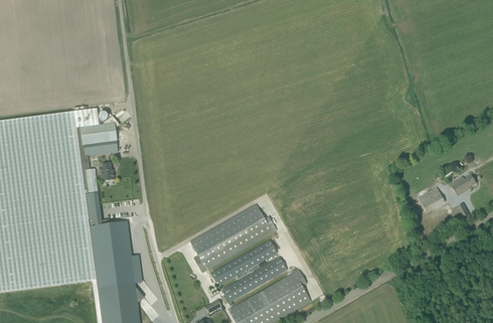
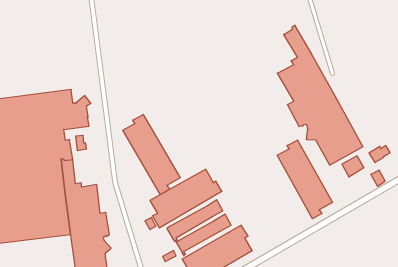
building: none -> [277,25,363,165]
building: none -> [123,114,180,195]
building: none -> [277,140,333,219]

